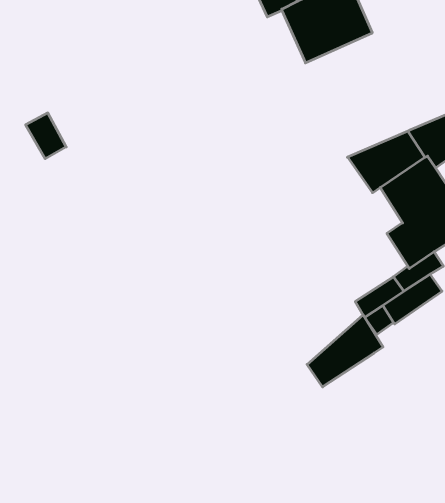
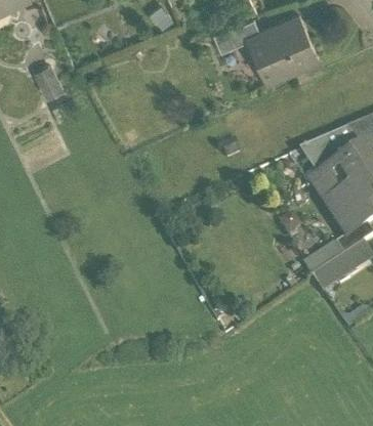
building: [26,113,66,159] -> [31,60,63,96]
building: [307,315,383,387] -> none

